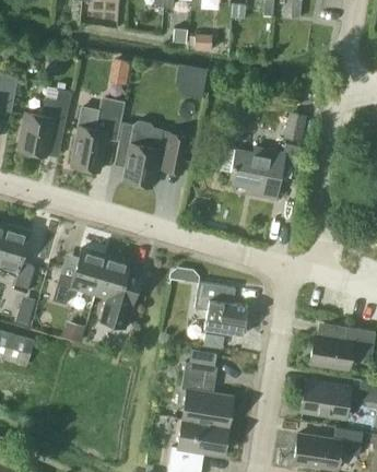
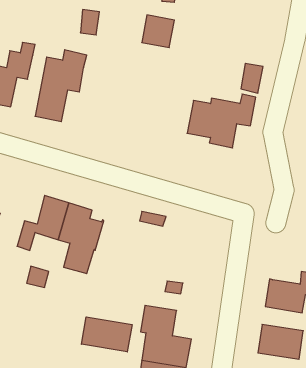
building: [115,119,190,187] -> none
building: [193,282,247,335] -> none
building: none -> [81,317,132,352]

